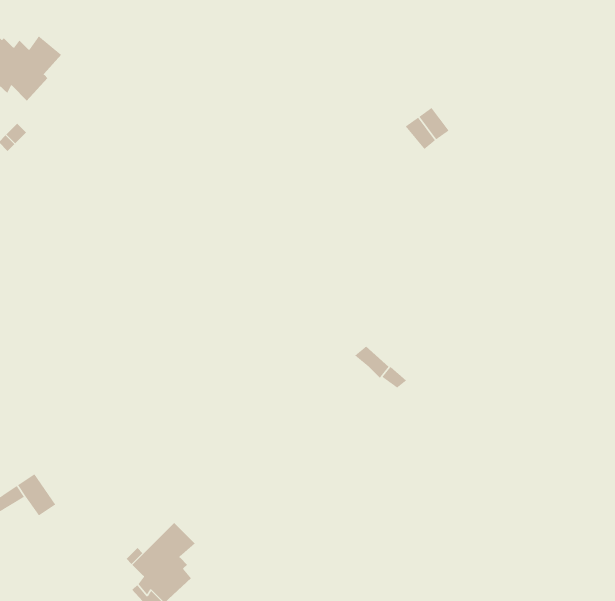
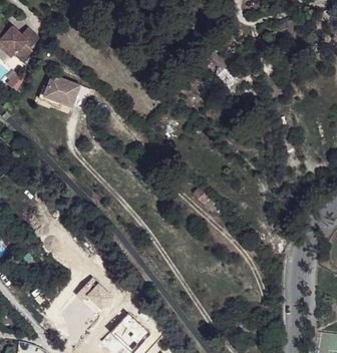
building: none -> [39,74,81,108]

